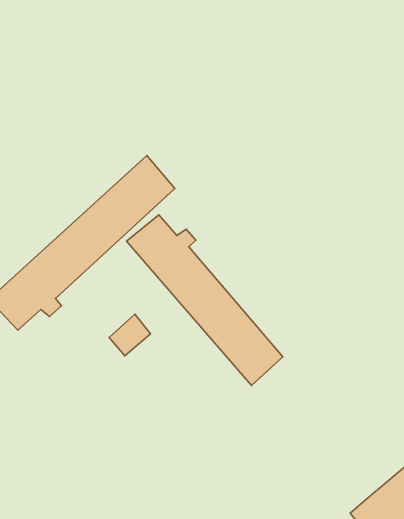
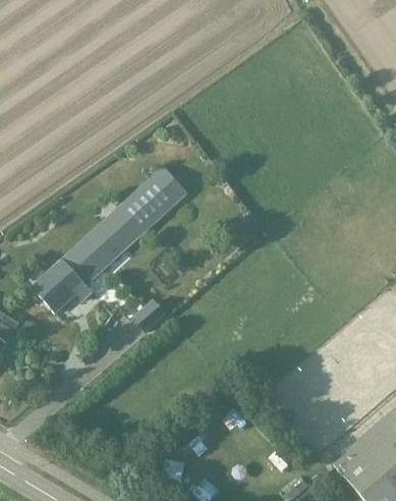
building: [127,215,283,385] -> none

